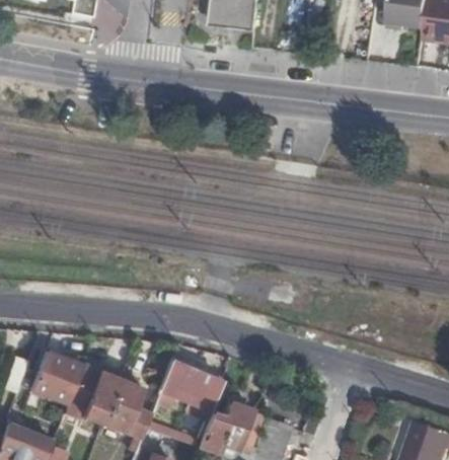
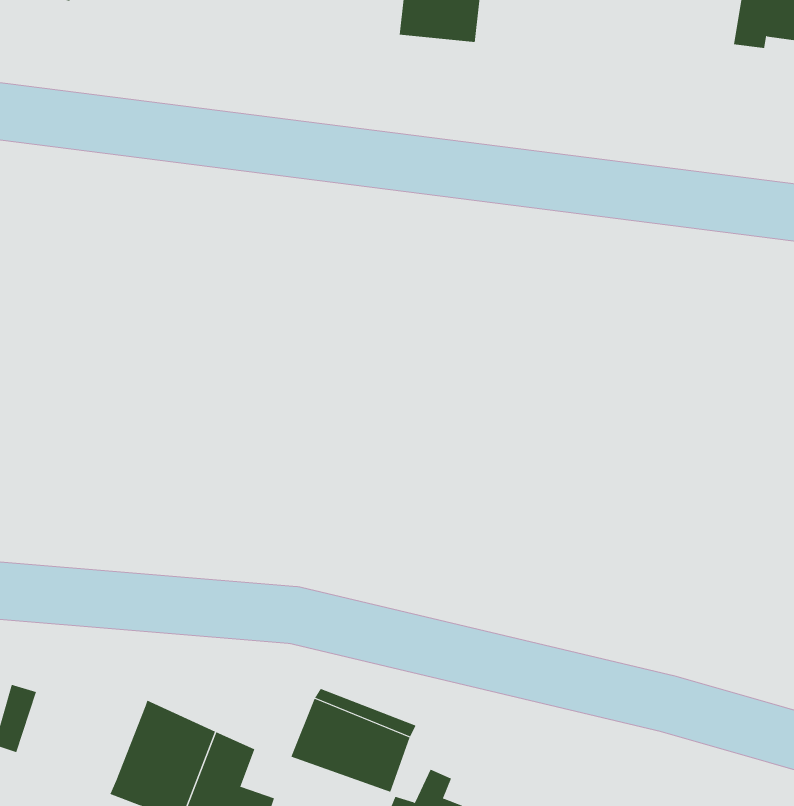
building: [29,351,81,403] -> none

